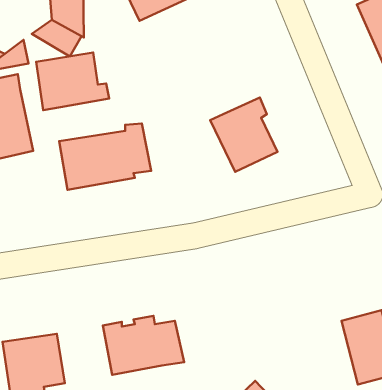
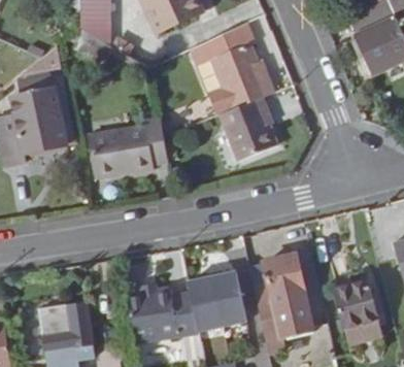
building: none -> [186,21,274,110]
building: [36,52,109,110] -> none
building: none -> [255,254,314,341]
building: none -> [188,270,245,328]

